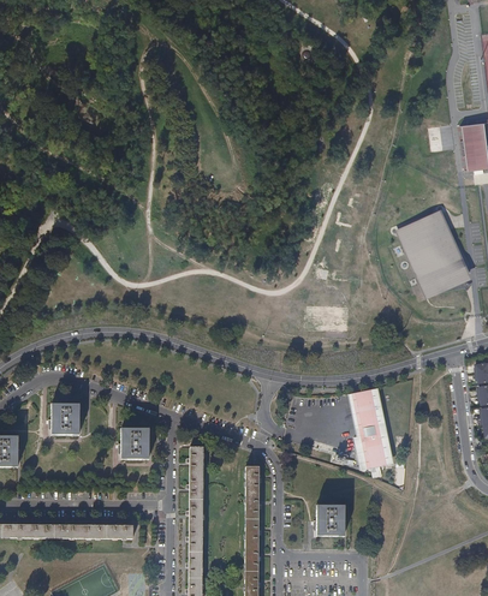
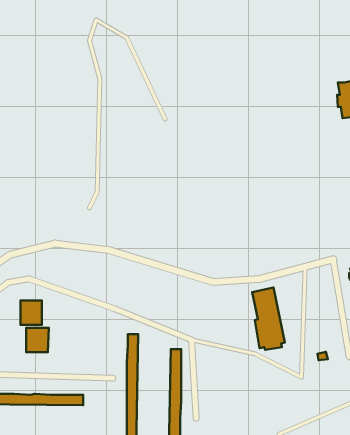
building: [399,211,468,294] -> none
building: [120,428,149,459] -> [26,328,49,352]
building: [315,505,344,536] -> none

